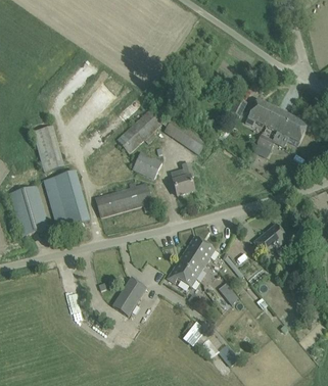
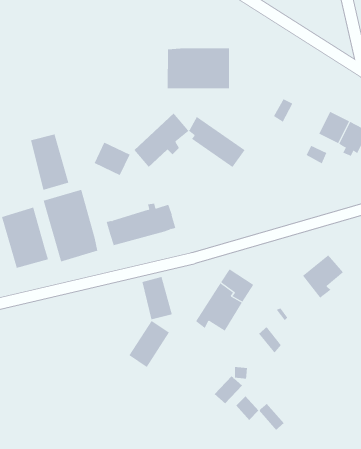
building: none -> [167,48,230,89]
building: [245,98,276,126] -> none
building: [132,151,161,179] -> [94,142,130,176]
building: [170,161,193,195] -> none
building: none -> [142,276,173,320]

